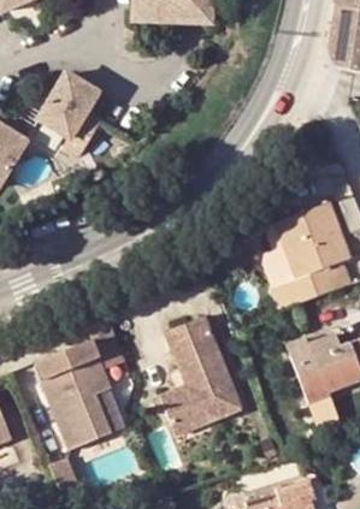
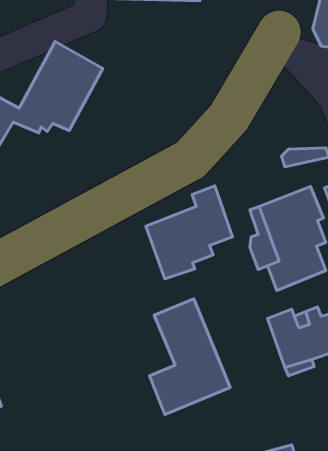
building: none -> [146,186,232,279]
building: [37,338,125,455] -> none

